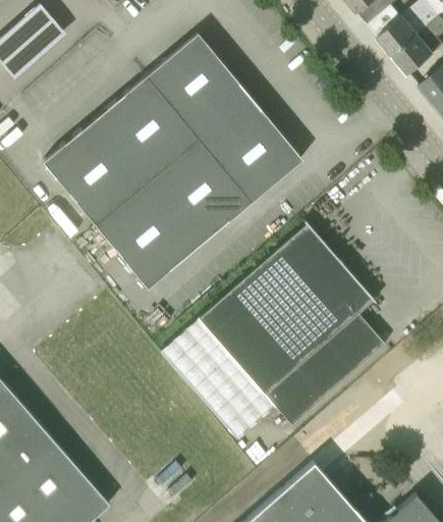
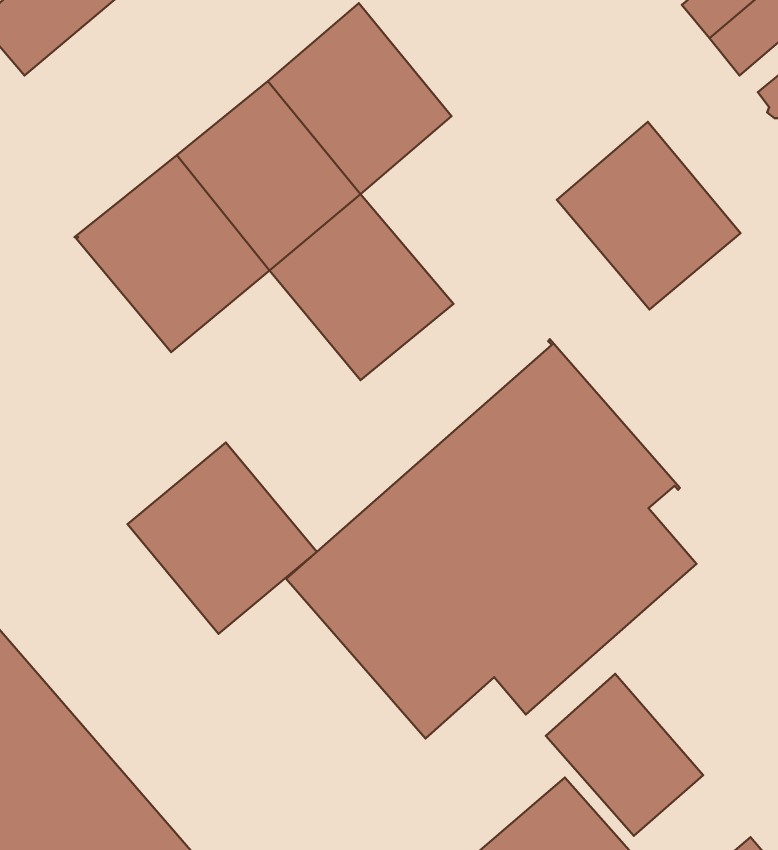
building: [201,98,301,201] -> [557,122,741,309]
building: [97,182,201,288] -> [127,442,317,634]
building: none -> [546,674,703,836]

